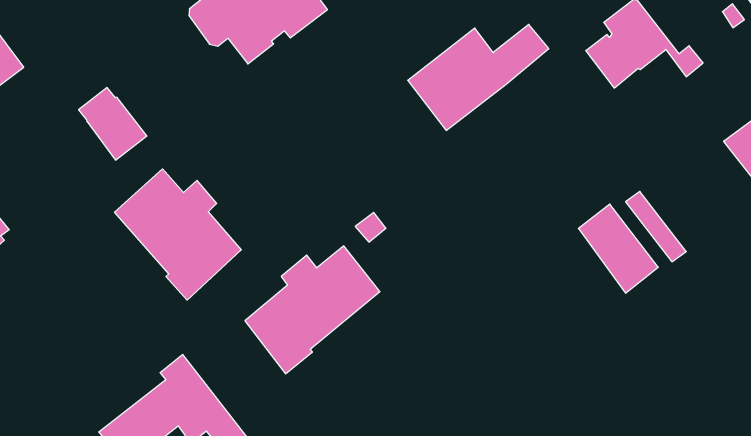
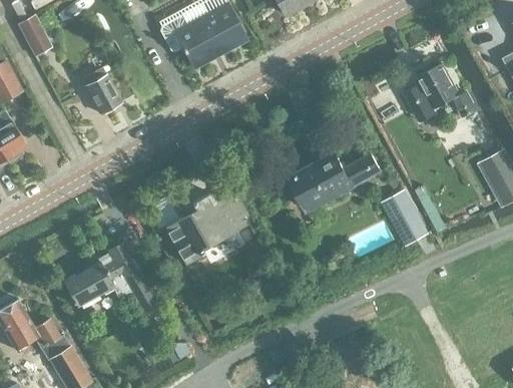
building: [408,24,549,130] -> [289,151,380,213]
building: [115,169,241,300] -> none

